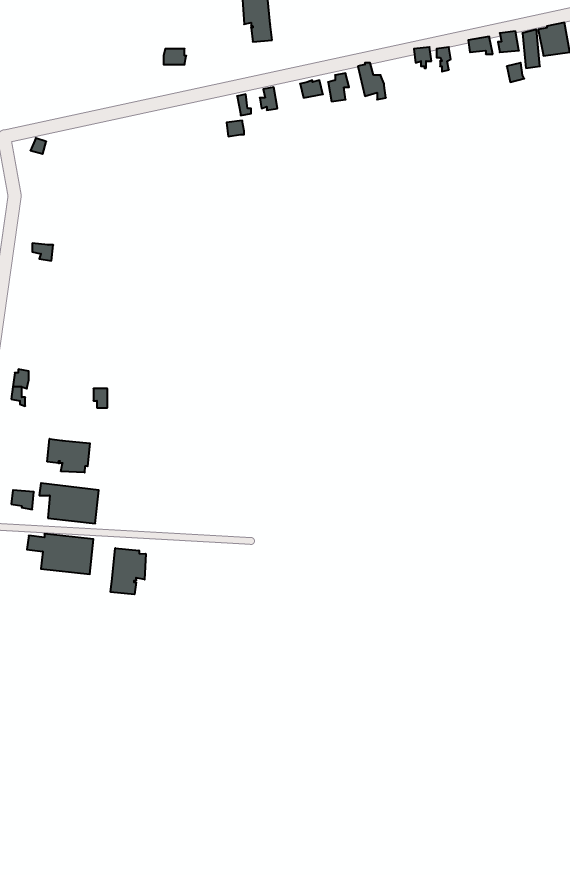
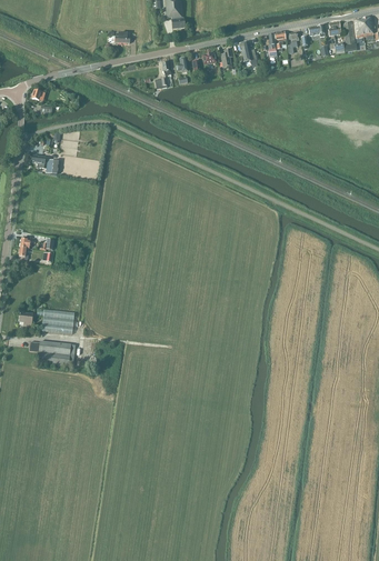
building: [47,439,90,473] -> none
building: [111,548,146,594] -> none

